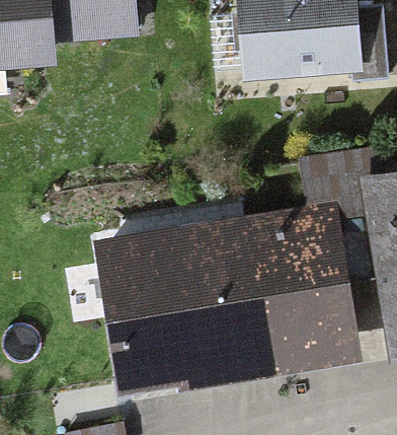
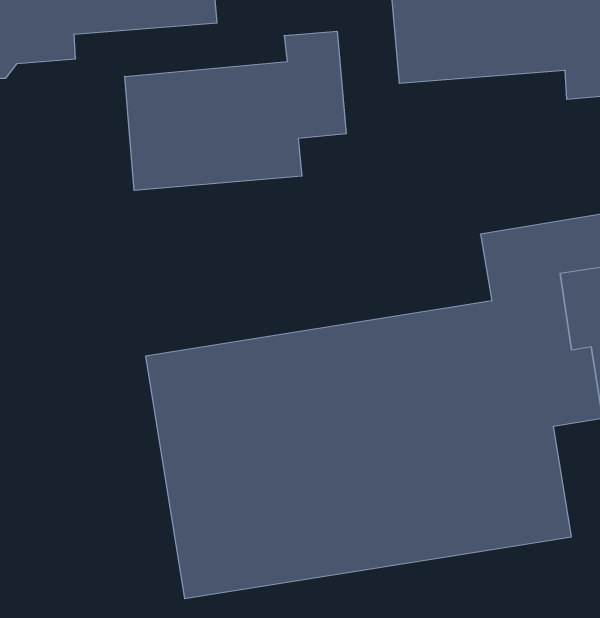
building: none -> [125,31,346,190]

